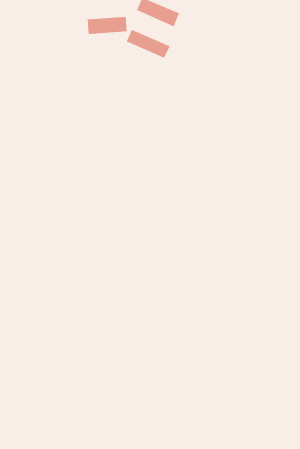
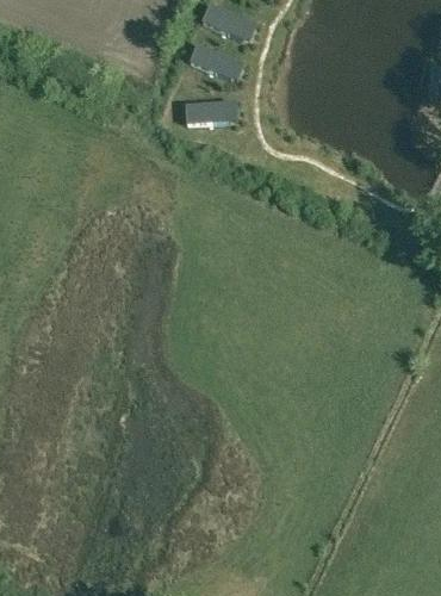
building: [87,16,128,34] -> [186,100,237,123]

